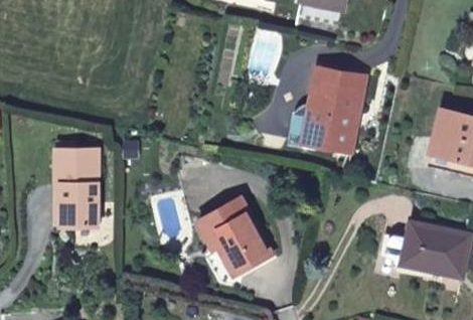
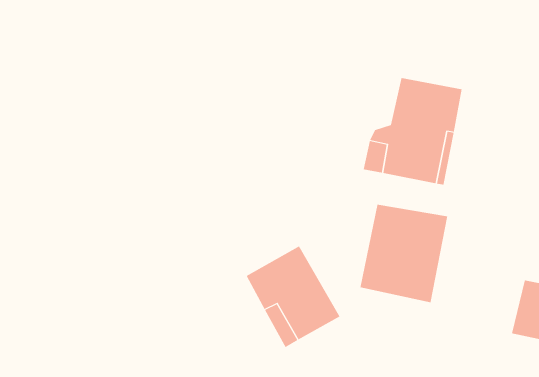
building: [54,147,99,224] -> none
building: none -> [360,204,448,303]

